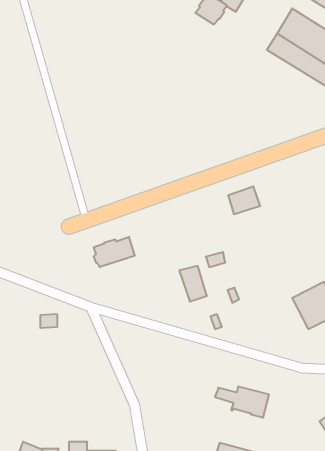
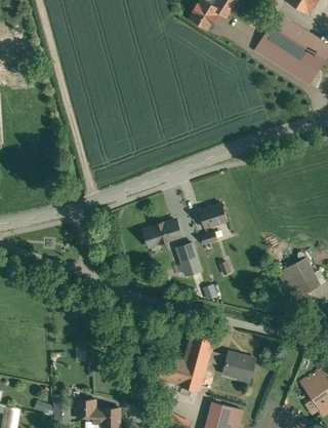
building: [228,186,260,214] -> [199,203,228,228]
building: [94,237,135,267] -> [145,220,181,246]
building: none -> [158,333,214,391]

